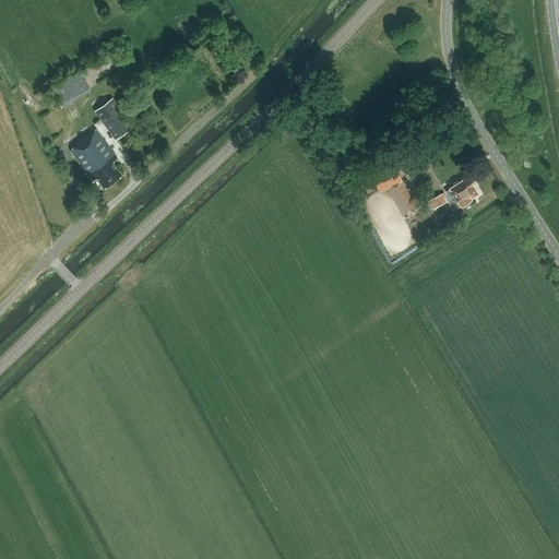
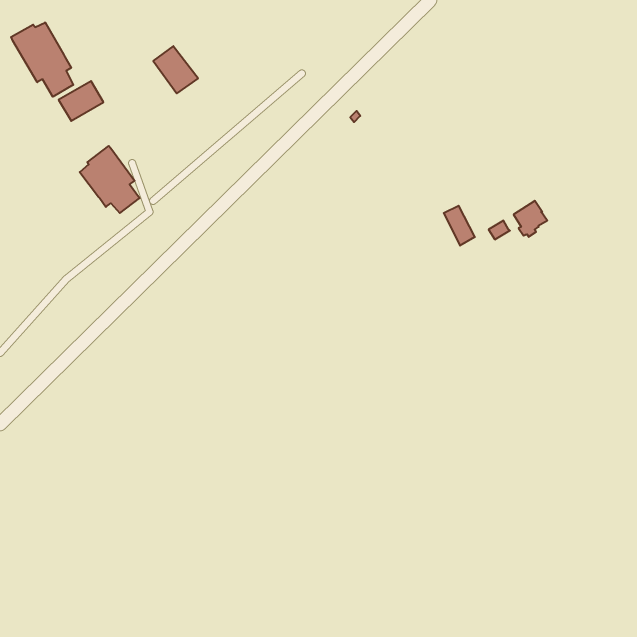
building: none -> [11,22,73,97]
building: [95,97,134,139] -> [153,46,198,93]

